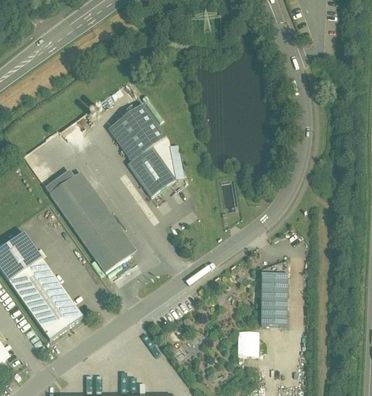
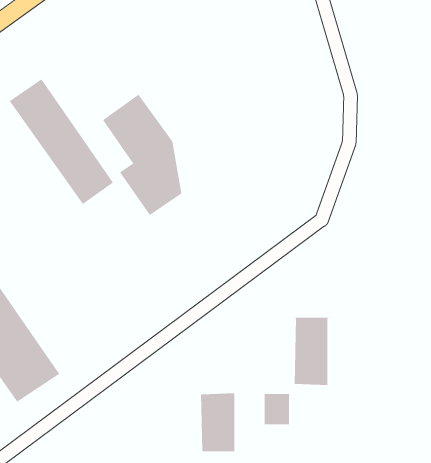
building: [49,175,129,271] -> [9,79,114,205]
building: none -> [201,393,236,452]

